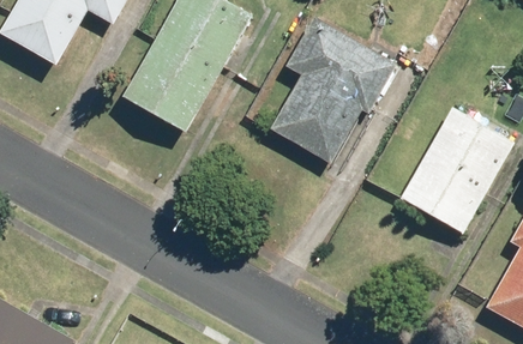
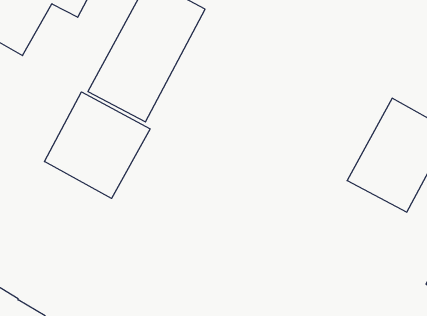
building: [265,22,389,162] -> none
building: none -> [44,92,150,198]

